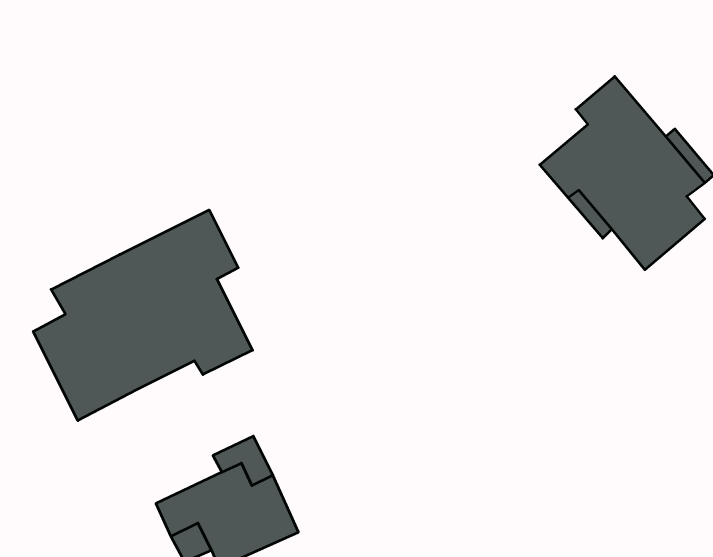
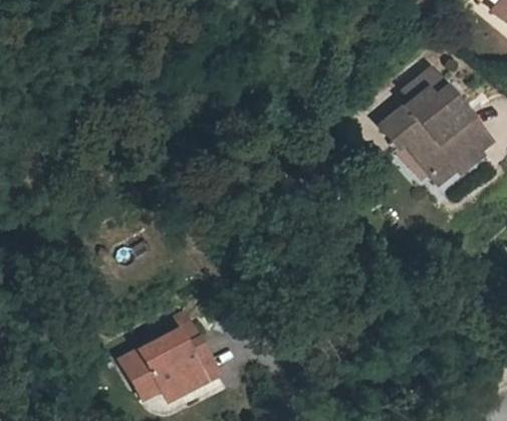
building: [33,210,253,421] -> none

